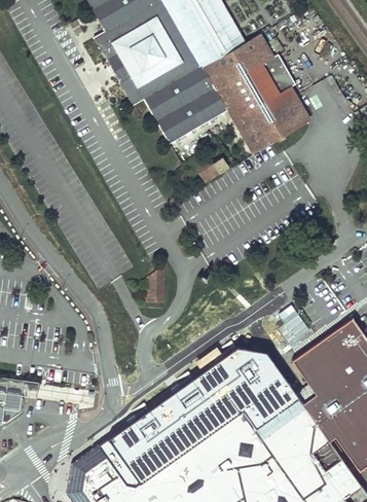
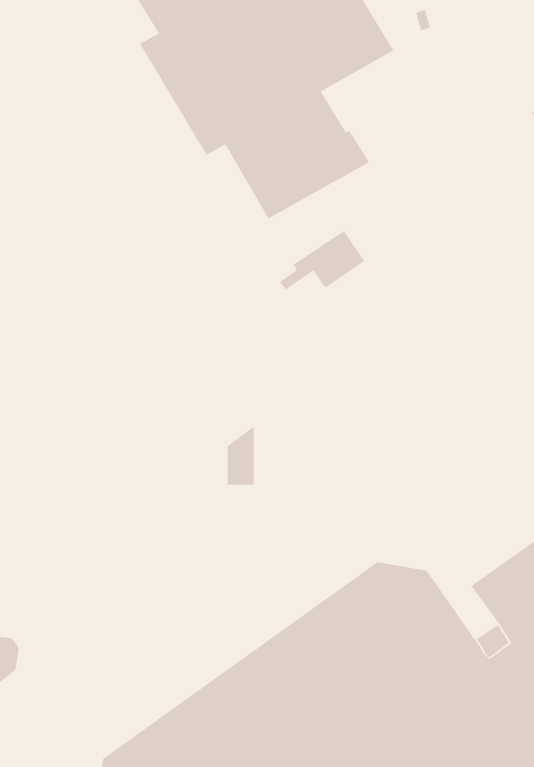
building: [204,34,310,153] -> none

